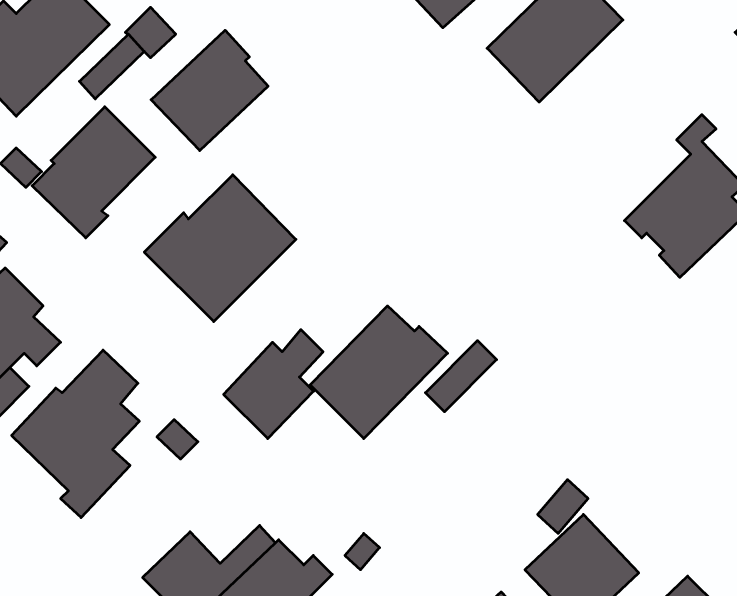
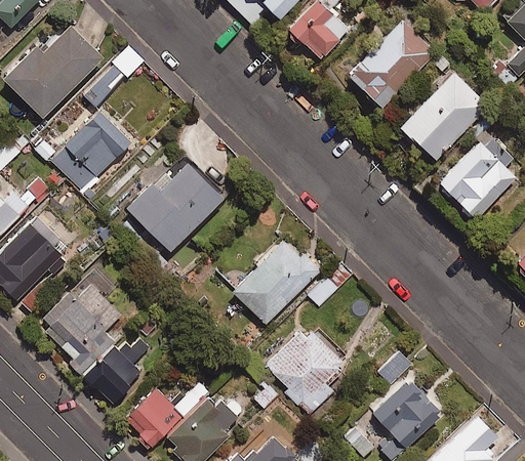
building: [151,30,268,151] -> none
building: none -> [399,71,487,159]
building: [224,330,323,439] -> [83,335,148,406]
building: none -> [266,330,344,418]

